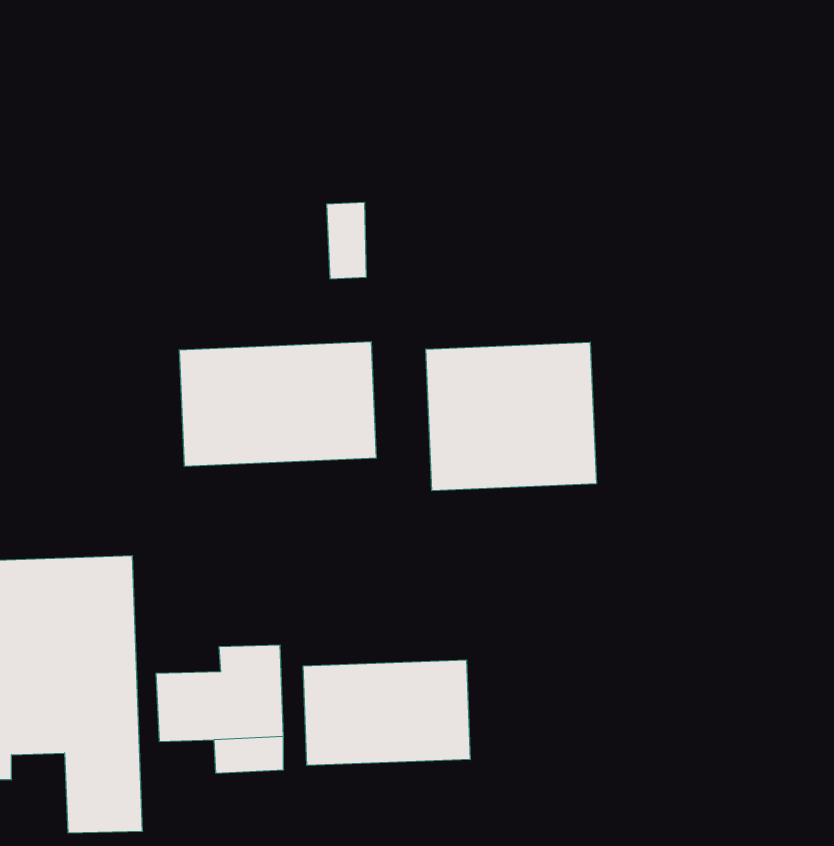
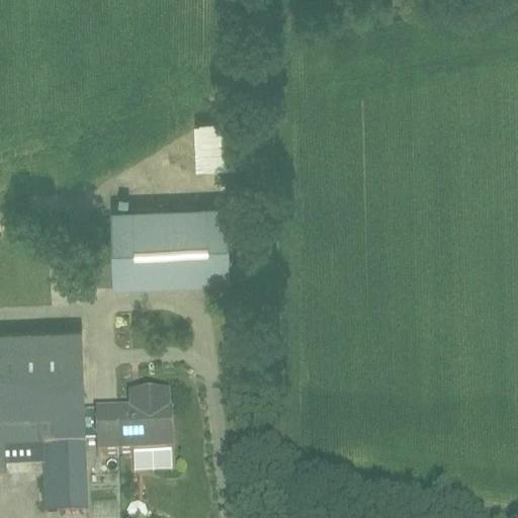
building: [426,342,596,491] -> none
building: [303,660,470,765] -> none

